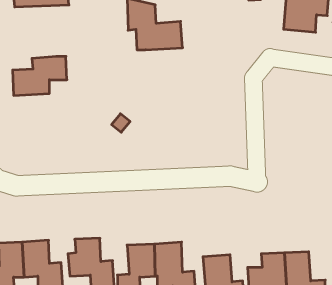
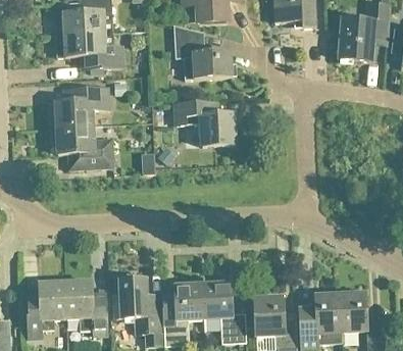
building: none -> [55,32,124,67]
building: none -> [171,100,234,145]
building: none -> [54,124,112,168]

